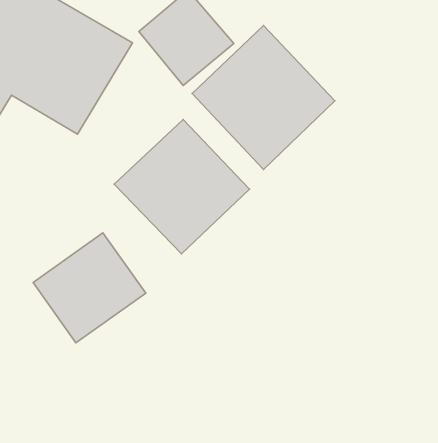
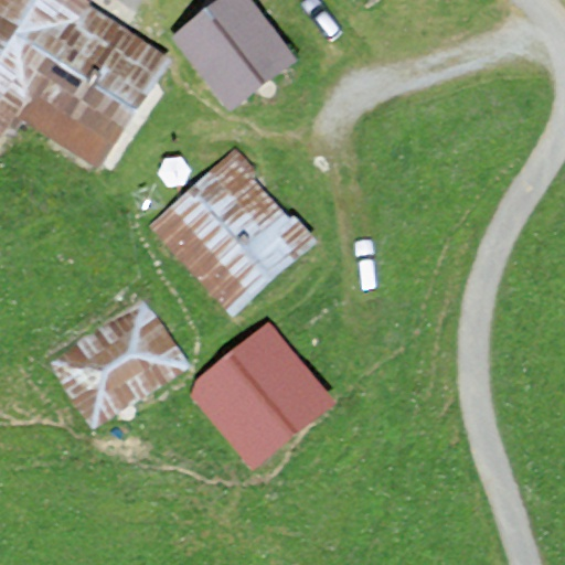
building: [192,26,335,170] -> none
building: none -> [178,309,331,462]

